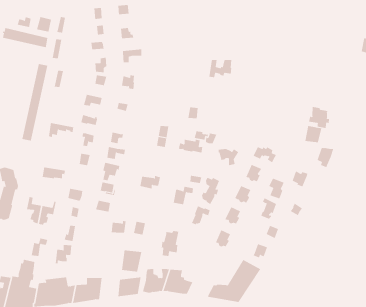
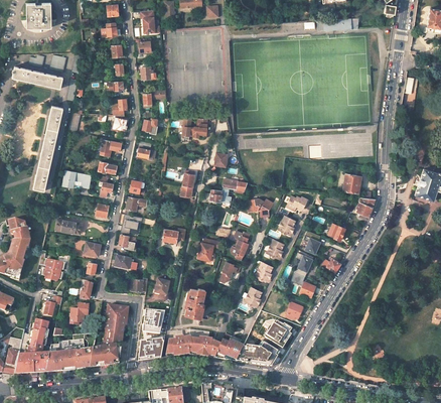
building: [208,59,232,78] -> [181,119,207,139]
building: [309,106,330,129] -> none
building: none -> [104,305,128,340]
building: none -> [214,333,244,361]

